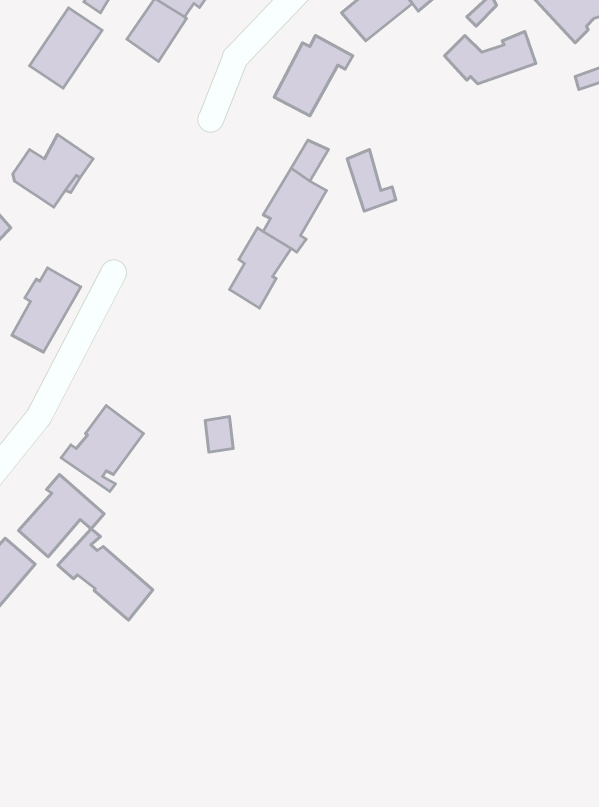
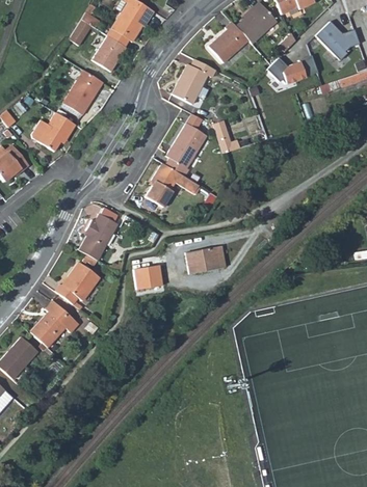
building: [29,8,102,88] -> [60,70,101,114]
building: [12,268,81,352] -> [80,214,119,261]
building: none -> [188,246,220,274]
building: [58,529,153,620] -> none

